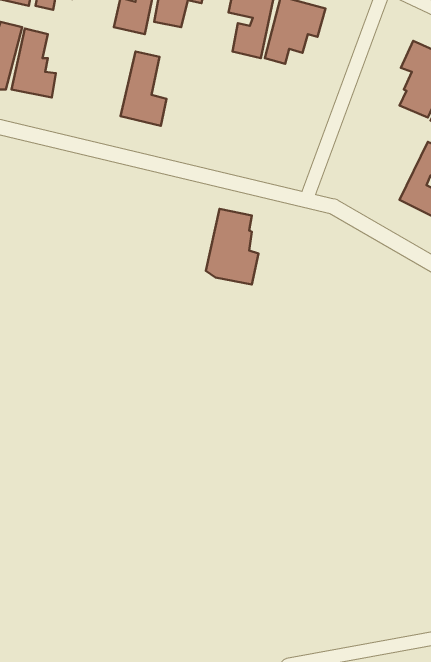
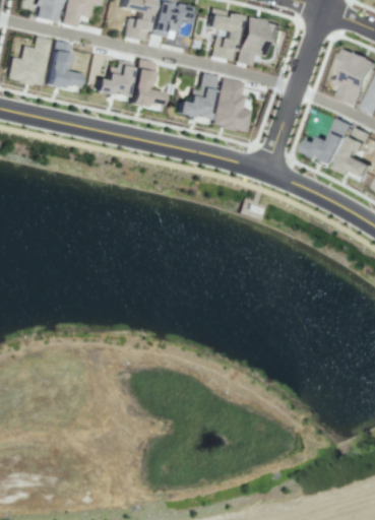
building: none -> [92,59,132,101]
building: none -> [174,72,215,121]
building: none -> [304,118,356,168]
building: [206,209,259,284] -> [210,76,250,133]

